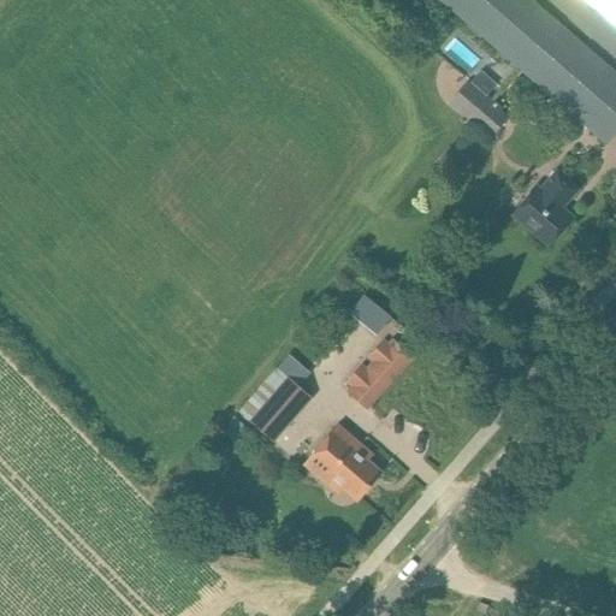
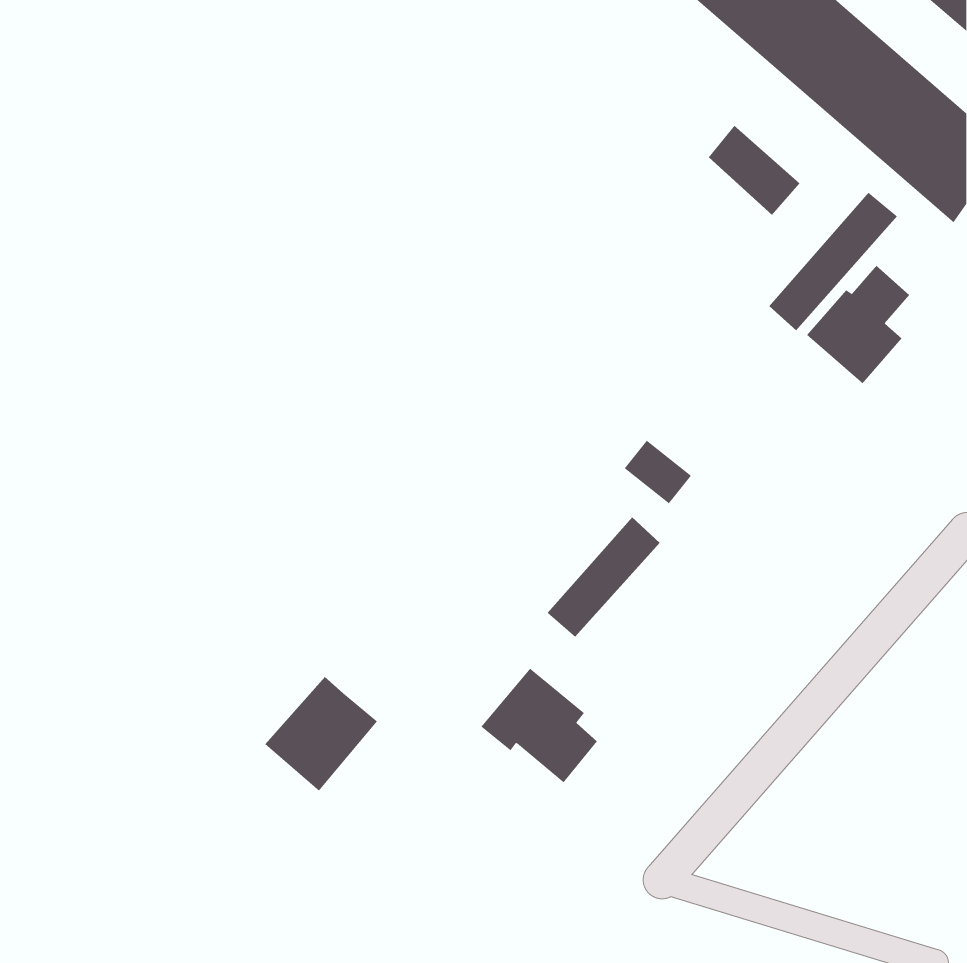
building: none -> [769,192,898,331]
building: [348,290,391,331] -> [624,440,692,504]
building: [238,366,310,439] -> [264,676,378,791]

